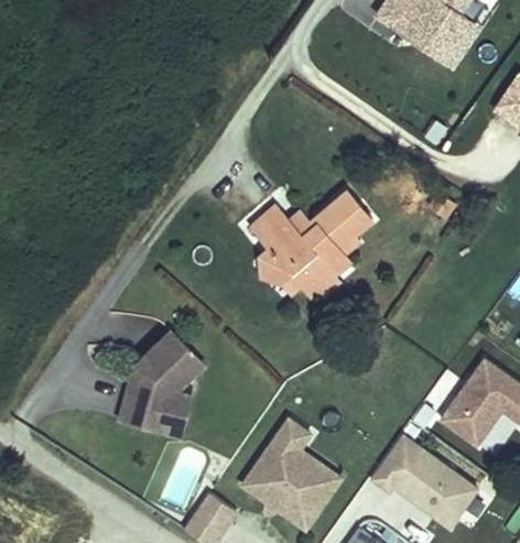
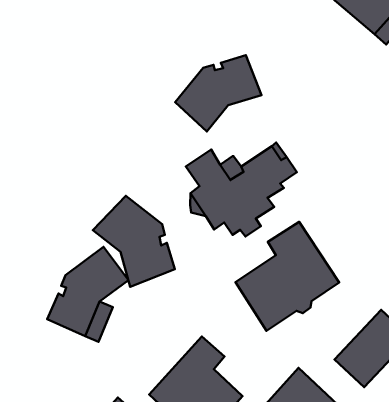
building: none -> [175,55,261,131]
building: none -> [93,196,175,287]
building: none -> [236,222,339,331]

